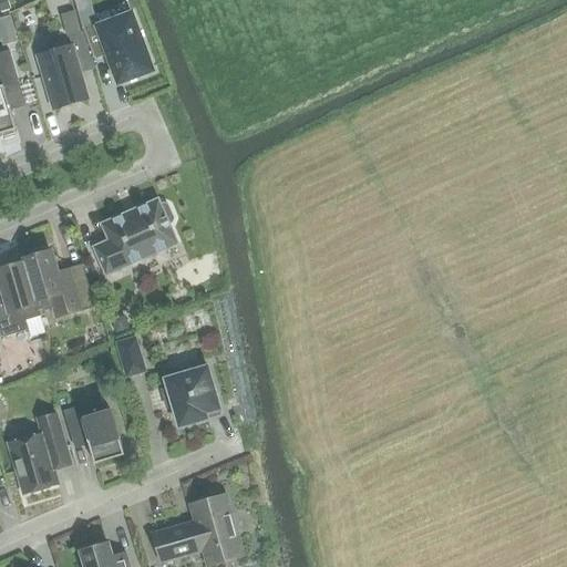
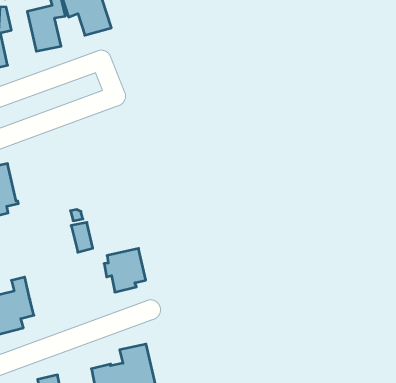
building: [94,198,176,272] -> none
building: [22,248,94,316] -> none
building: [63,401,124,462] -> none

